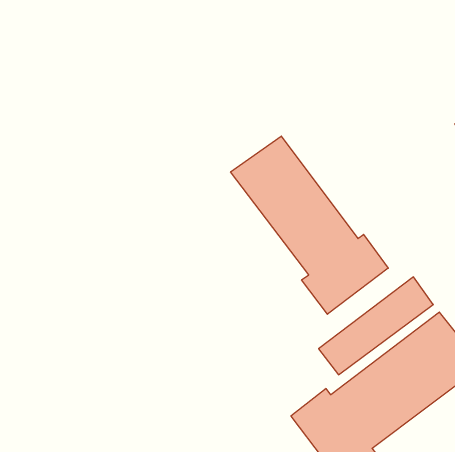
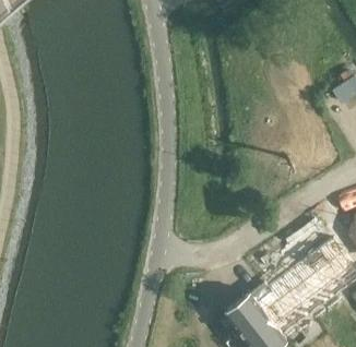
building: [231,136,388,314] -> none

